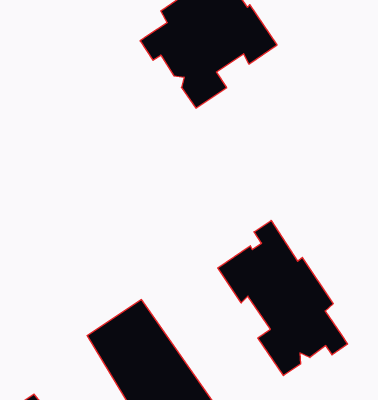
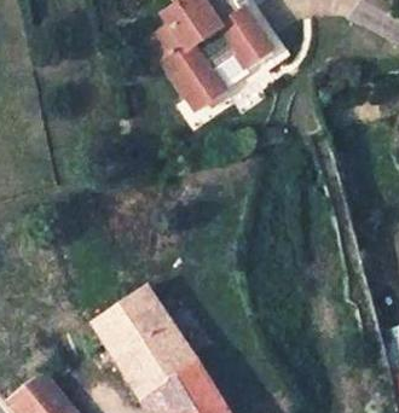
building: [218,220,348,376] -> none

